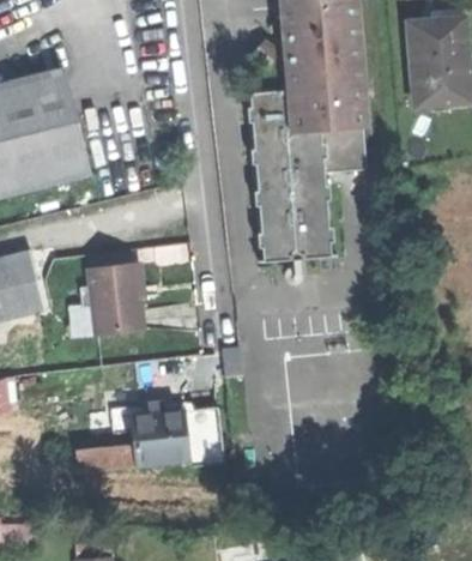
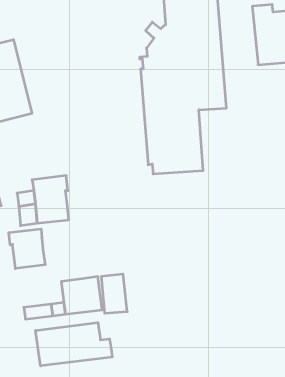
building: none -> [9,229,45,269]
building: none -> [36,323,112,366]

